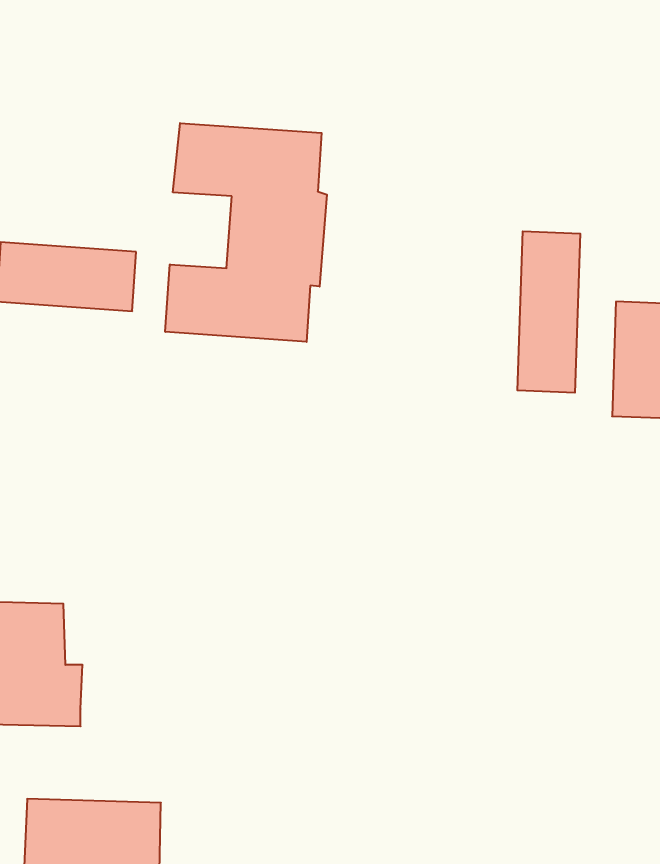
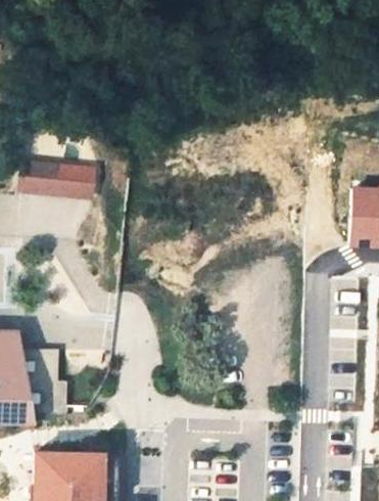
building: [165,123,327,342] -> none
building: [517,231,580,393] -> none

